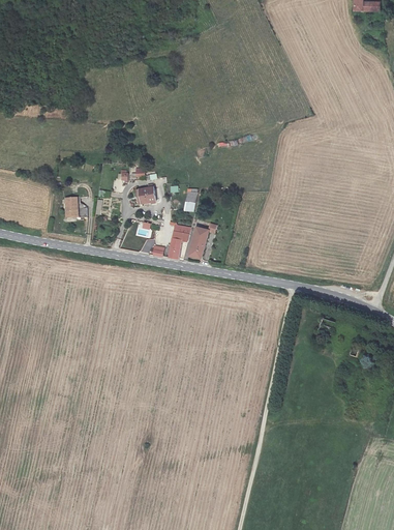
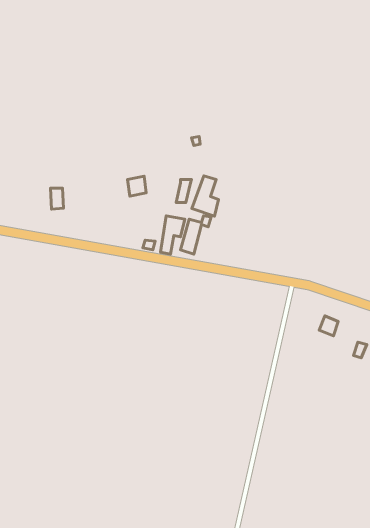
building: none -> [192,176,218,216]

